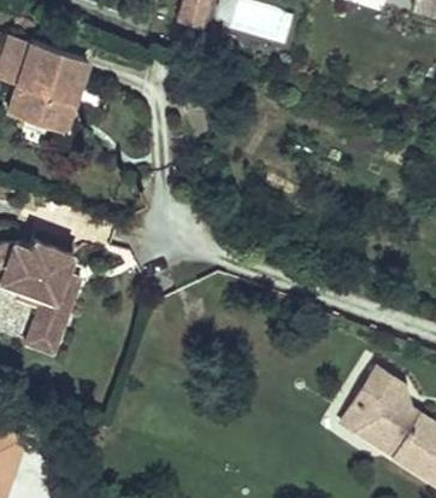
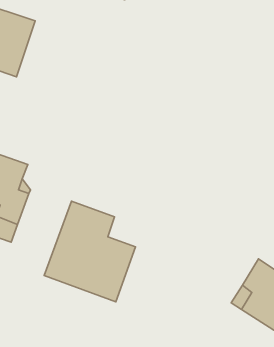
building: none -> [44,201,135,302]

